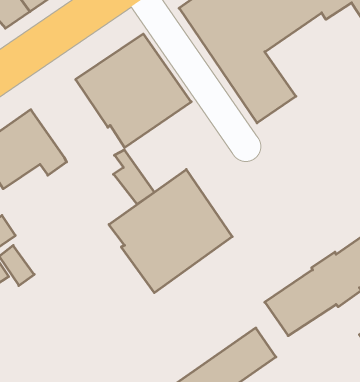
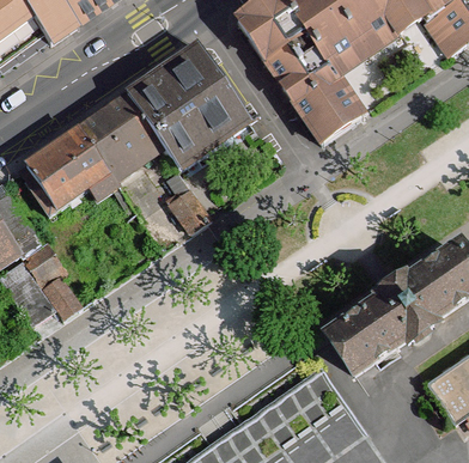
building: none -> [78,98,160,182]
building: [109,169,232,293] -> none

